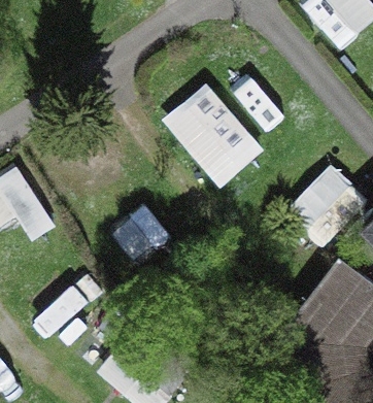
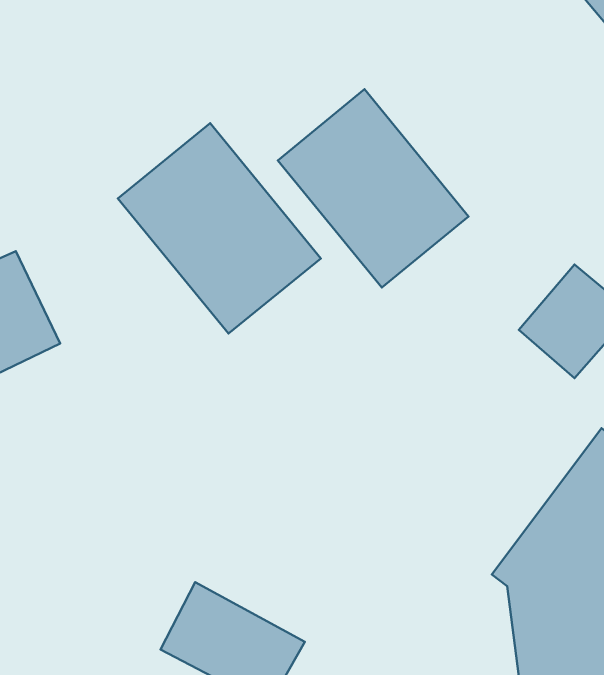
building: none -> [118,123,321,334]

